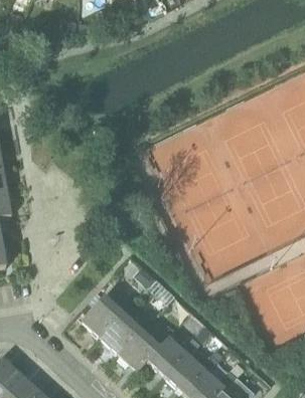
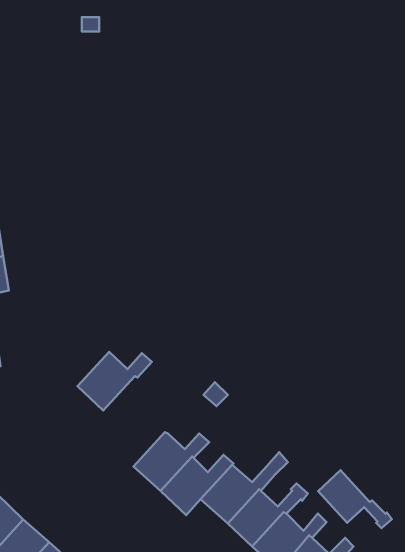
building: [81,295,133,337] -> [78,352,152,411]
building: none -> [318,470,392,528]

